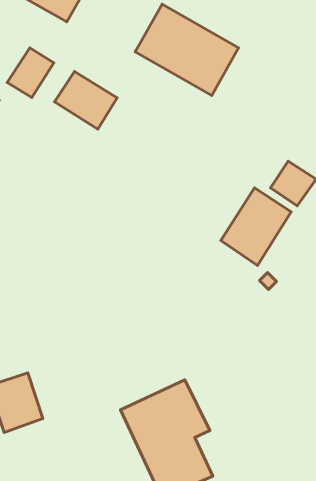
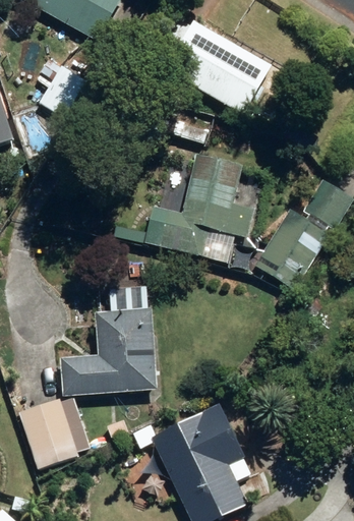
building: [54,72,117,129] -> none
building: none -> [146,156,254,260]
building: none -> [62,309,156,395]

